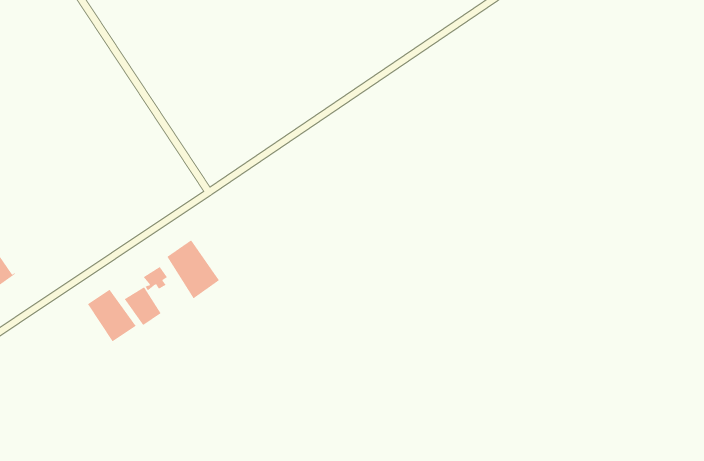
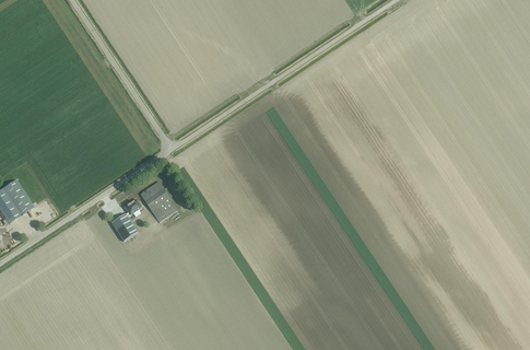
building: [87,289,137,342] -> none

